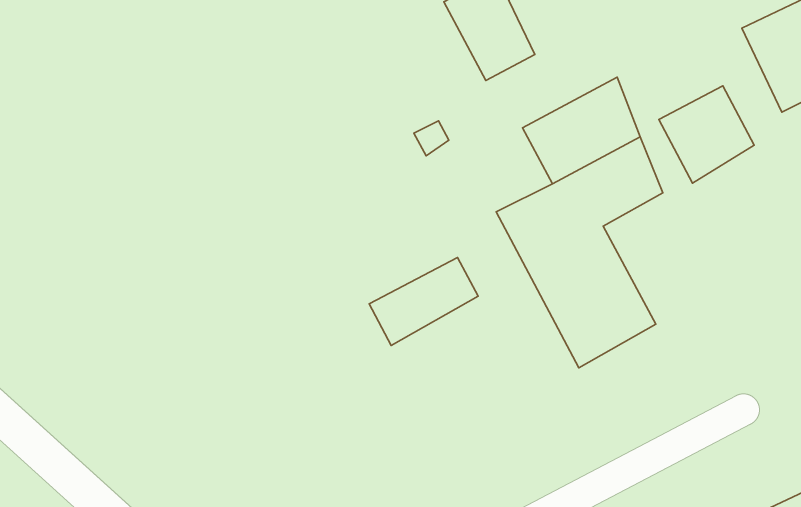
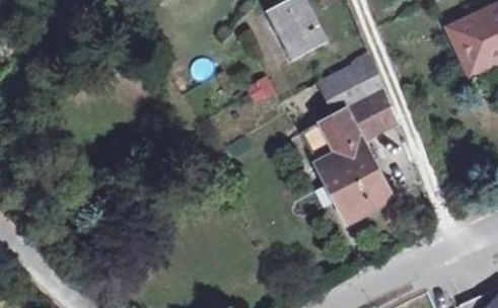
building: [659,86,754,183] -> none
building: [369,257,478,346] -> none

